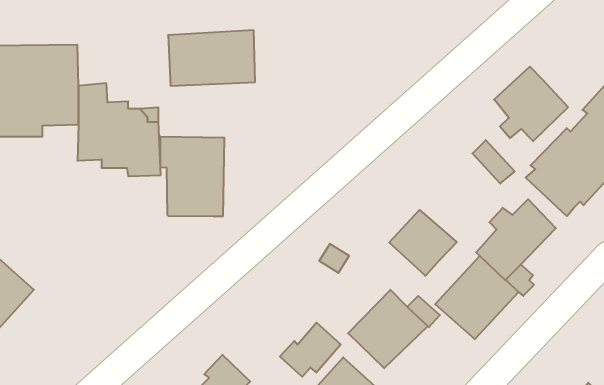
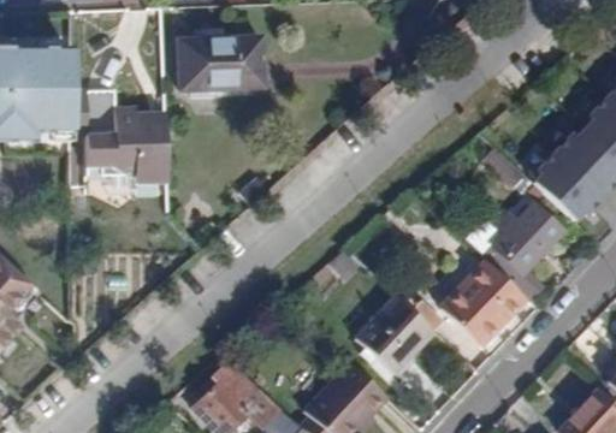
building: [494,67,568,141] -> none
building: [160,136,224,217] -> none
building: [389,210,457,276] -> none
building: [280,323,341,377] -> none

